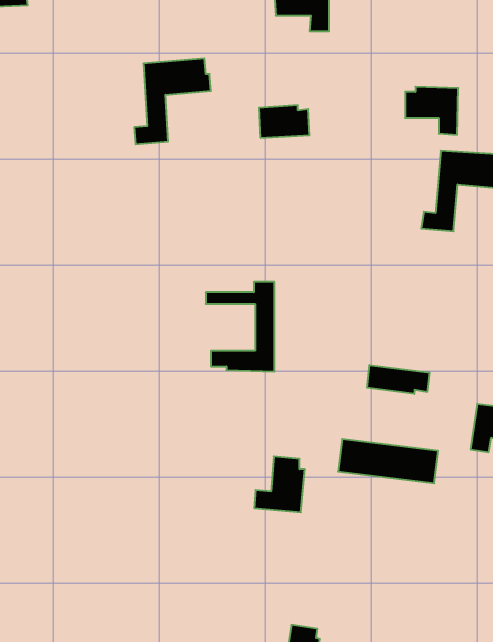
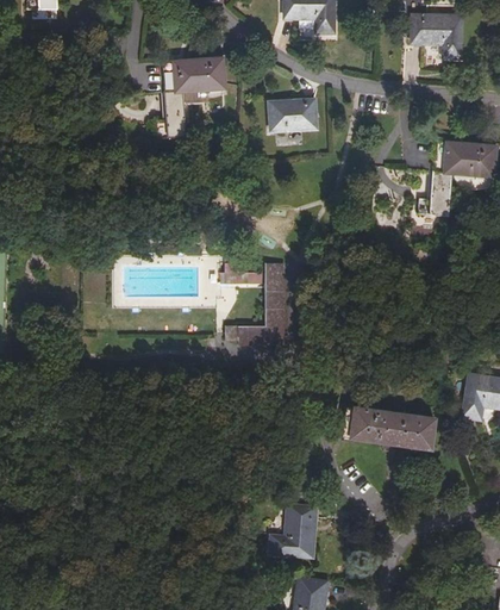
building: [405,87,458,135] -> [413,14,462,58]
building: [367,365,429,394] -> none
building: [254,456,305,512] -> [270,504,317,555]

